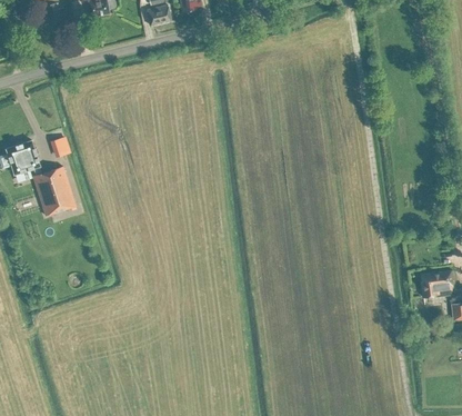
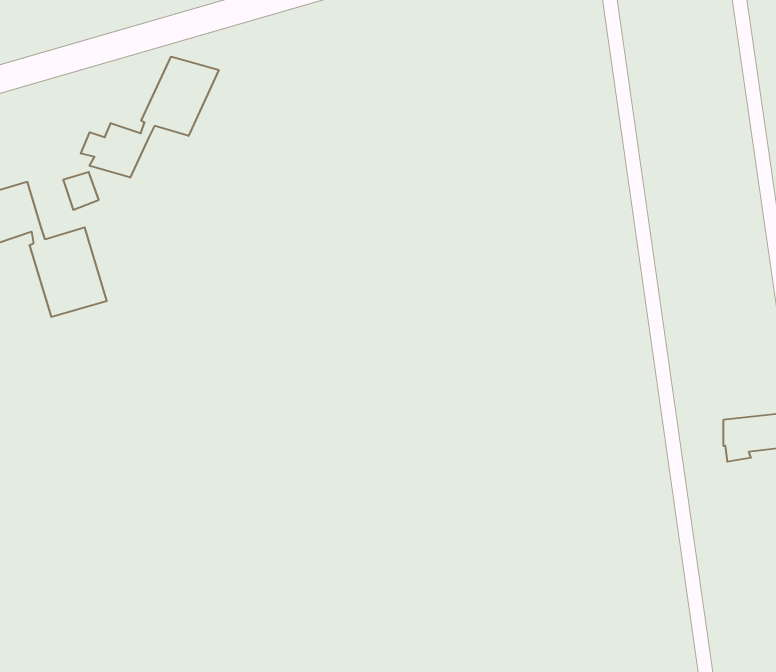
building: none -> [81,57,219,178]

